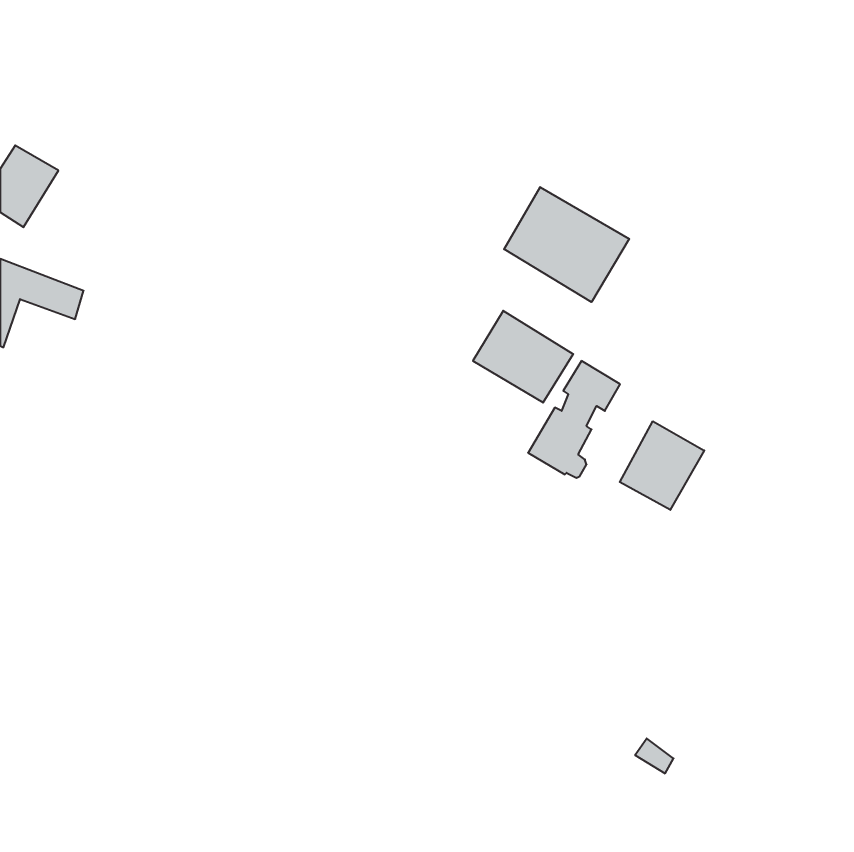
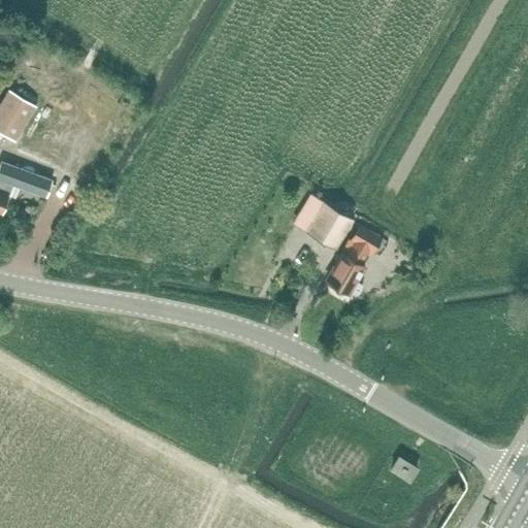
building: [504,187,629,302] -> none
building: [620,421,704,510] -> none

